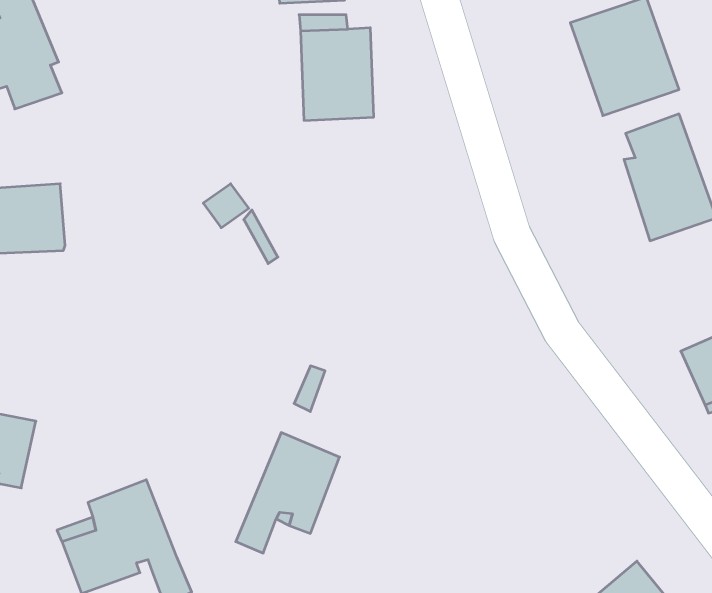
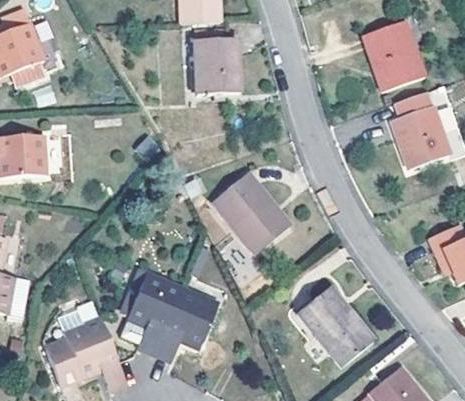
building: none -> [212,172,290,254]
building: none -> [112,266,182,354]
building: none -> [297,286,374,367]

